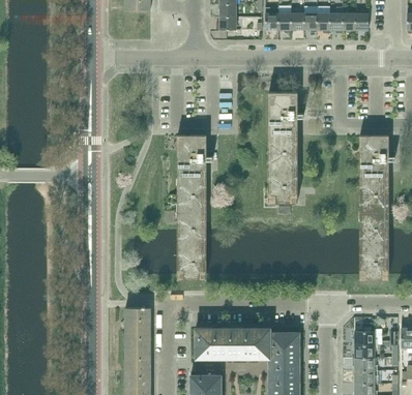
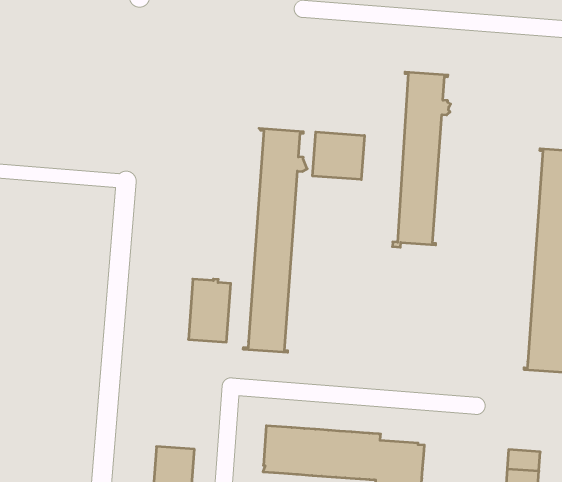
building: none -> [313,132,364,180]
building: [125,306,150,346] -> [188,279,231,342]

